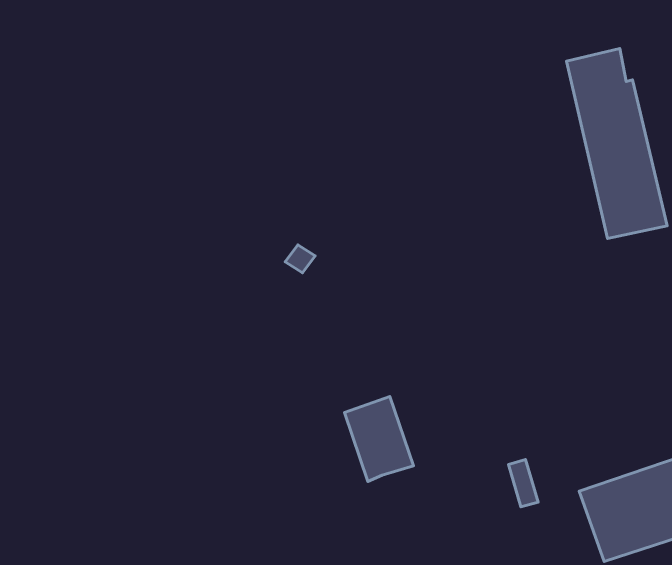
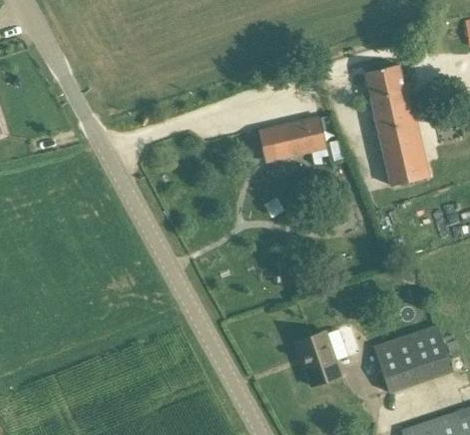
building: none -> [263,115,330,159]
building: [344,397,414,481] -> [297,332,341,386]

